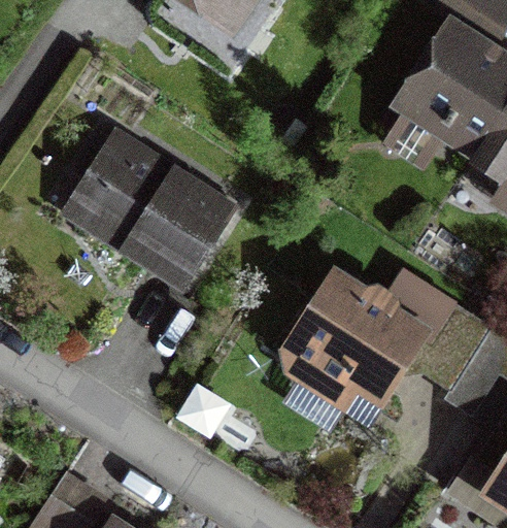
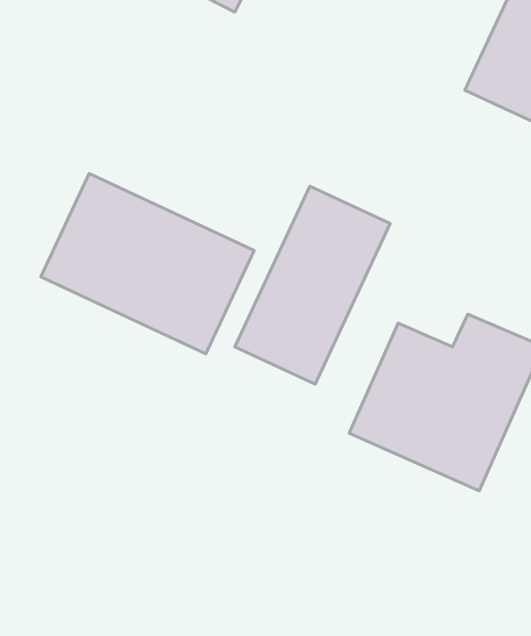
building: none -> [235,186,390,384]

